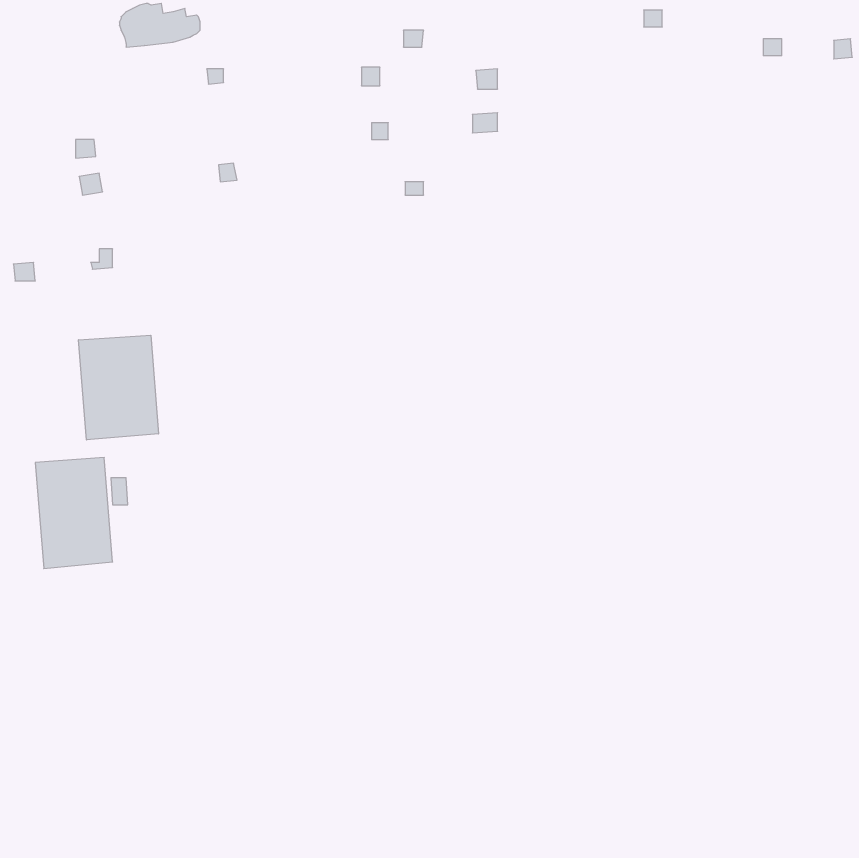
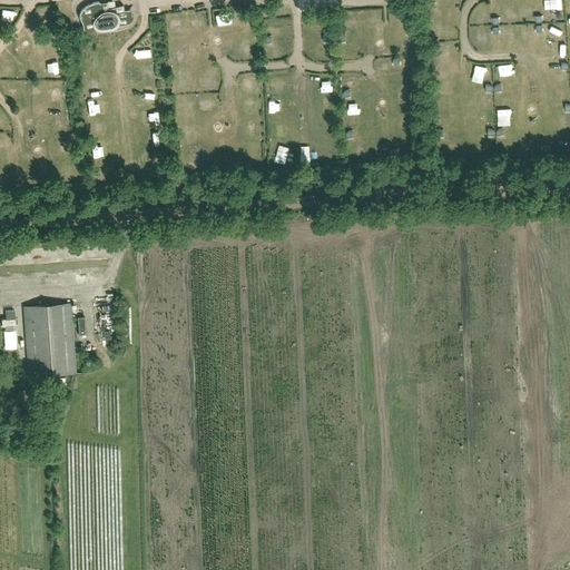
building: [79,335,158,440] -> none

